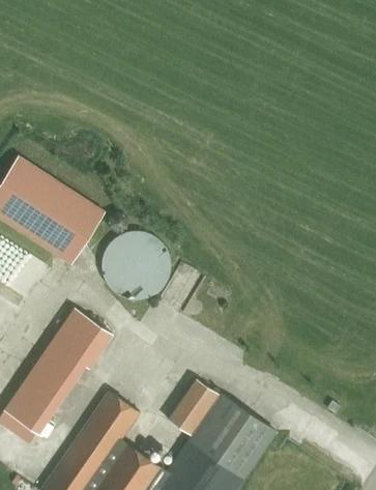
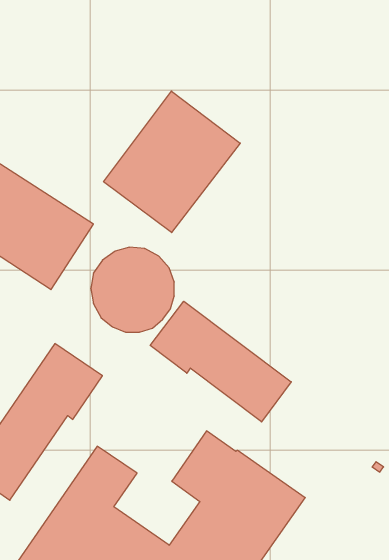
building: none -> [104,91,240,233]
building: none -> [150,301,291,422]

